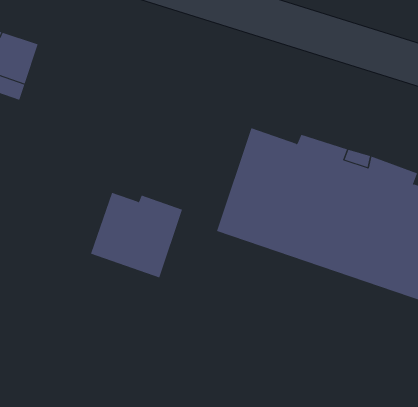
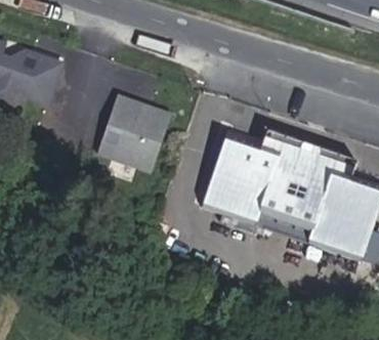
building: [90,192,183,278] -> [101,99,172,165]

